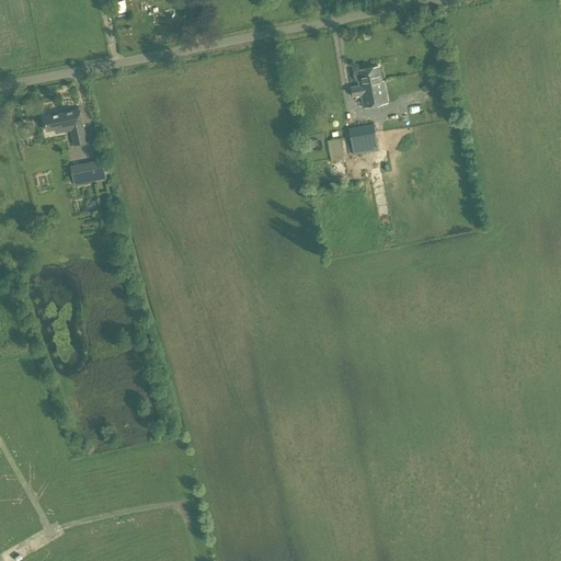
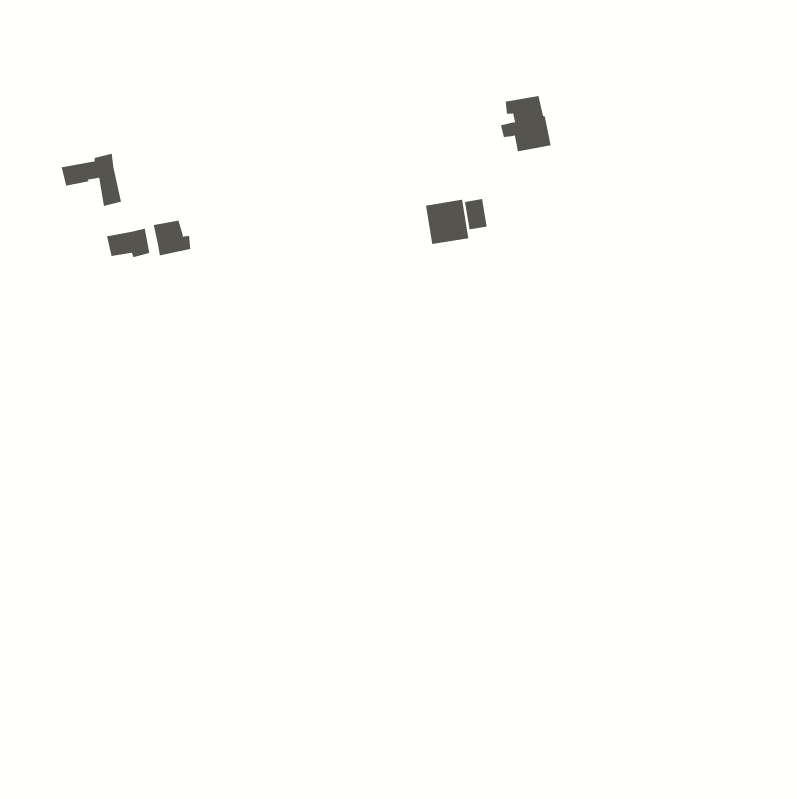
building: [347,124,378,156] -> [425,199,469,245]
building: none -> [153,220,191,256]

